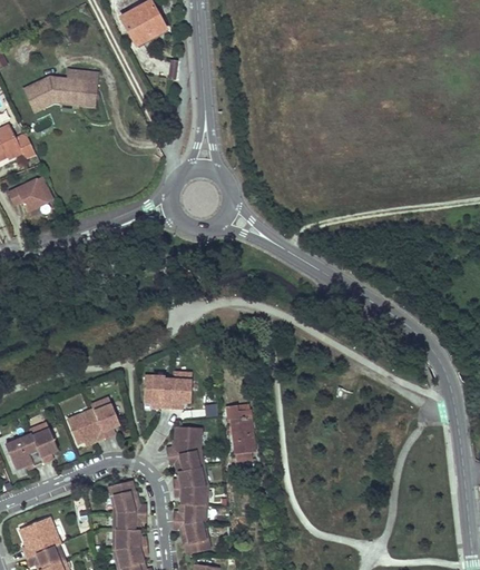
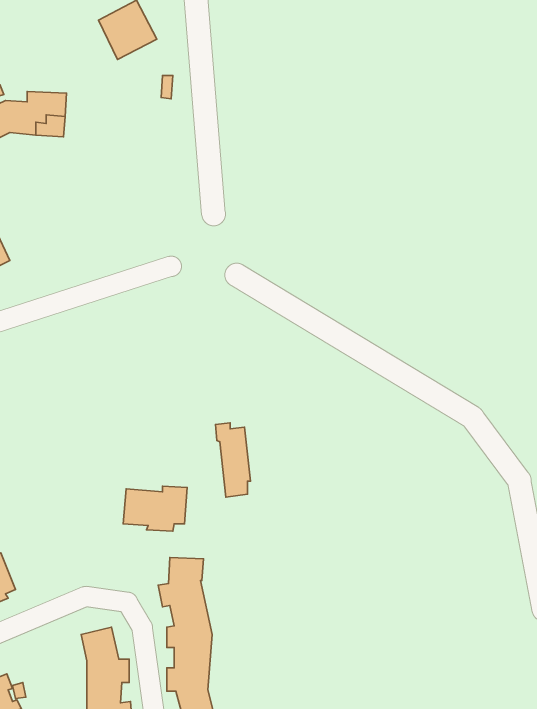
building: [66,397,118,444] -> none
building: [227,405,254,462] -> [216,423,250,497]

